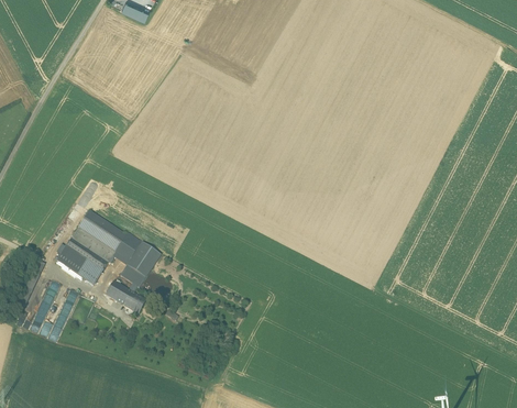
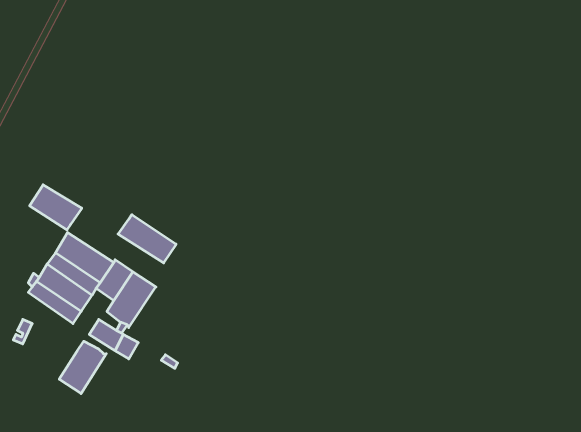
building: none -> [30,185,82,230]
building: none -> [118,215,176,263]
building: none -> [59,341,106,394]

